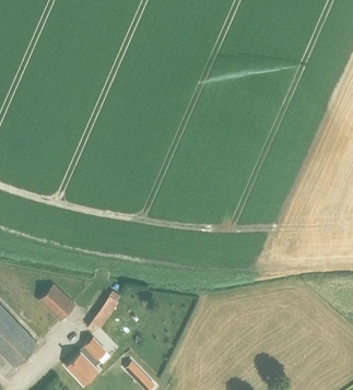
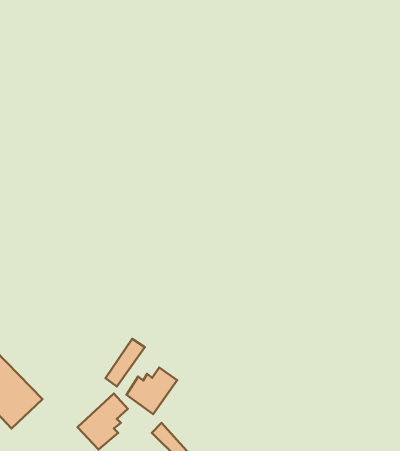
building: [38,285,75,321] -> none
building: none -> [126,367,177,414]

